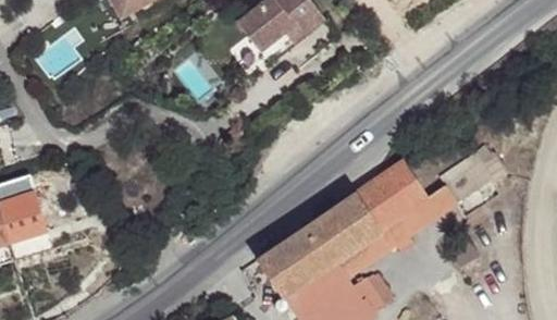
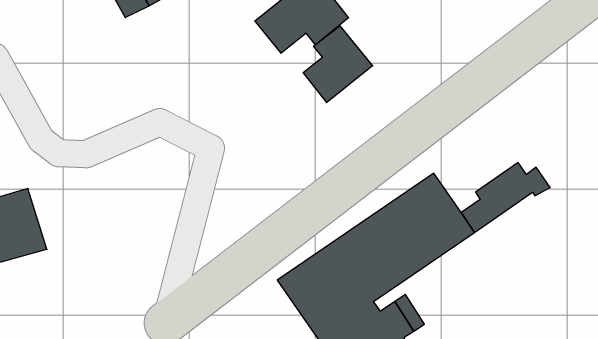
building: none -> [303,26,373,103]

